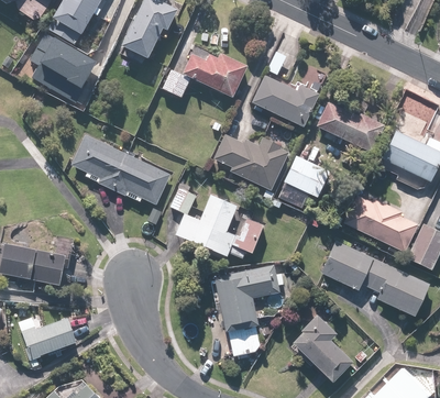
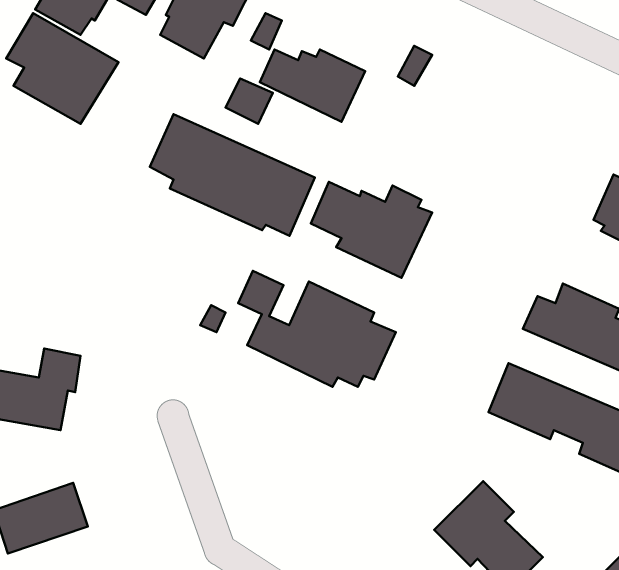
building: [252,76,320,129] -> none
building: [316,101,384,152] -> none
building: [72,133,172,207] -> [150,114,315,236]
building: [280,156,330,199] -> none
building: [209,264,280,357] -> none

